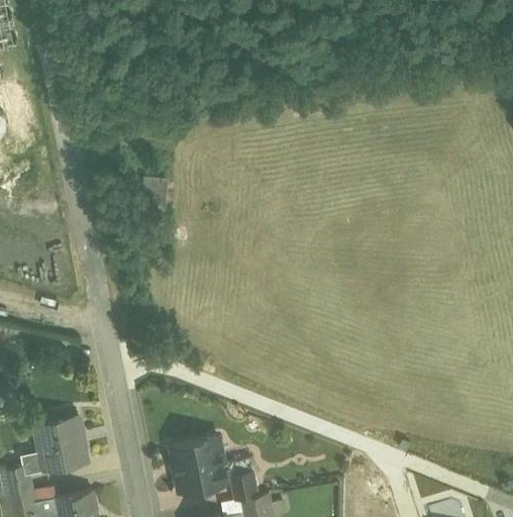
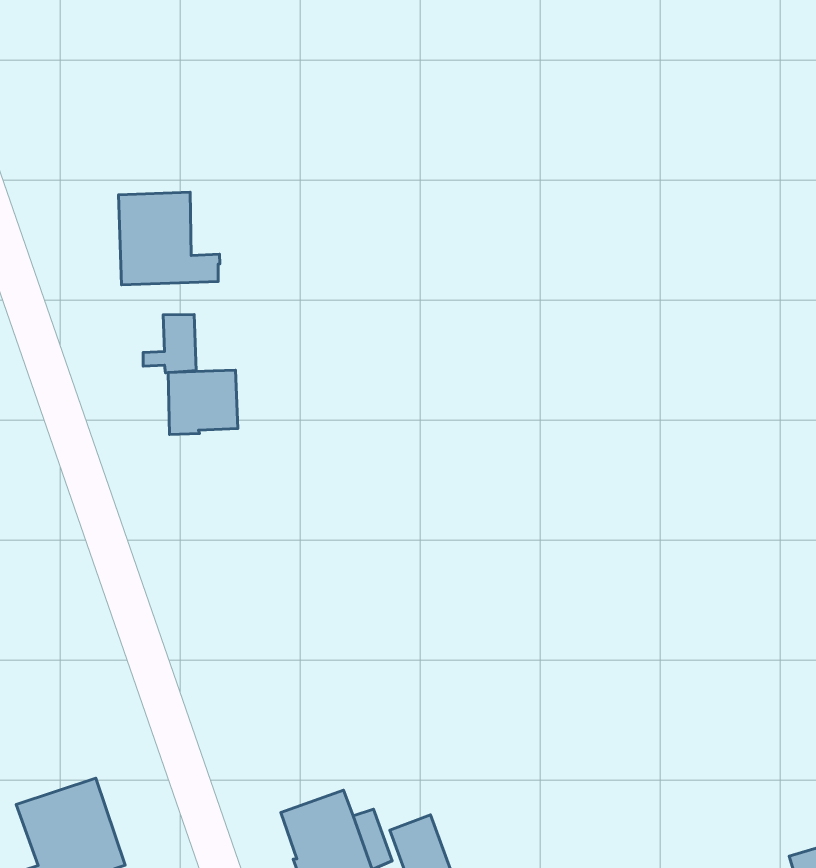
building: none -> [119,192,220,285]
building: none -> [168,370,238,434]

